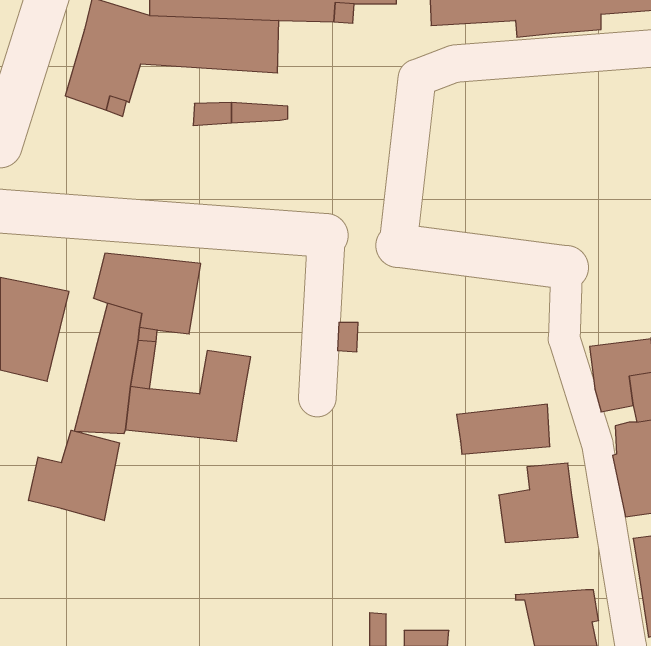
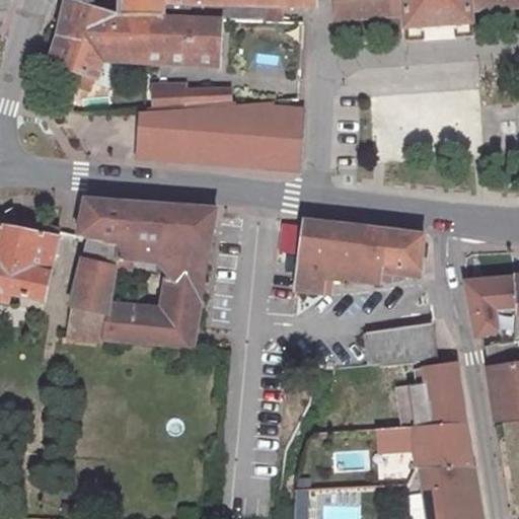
building: none -> [141,102,302,164]
building: none -> [152,209,212,283]
building: none -> [293,222,425,293]
building: [29,430,119,521] -> none
building: none -> [379,426,466,471]

